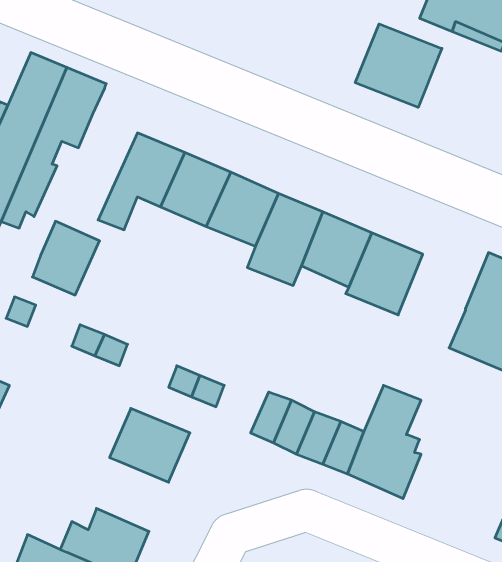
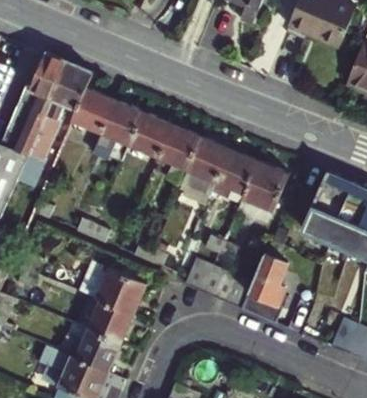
building: [355,24,442,107] -> none
building: [32,221,100,295] -> [71,87,112,132]
building: none -> [87,299,131,342]

